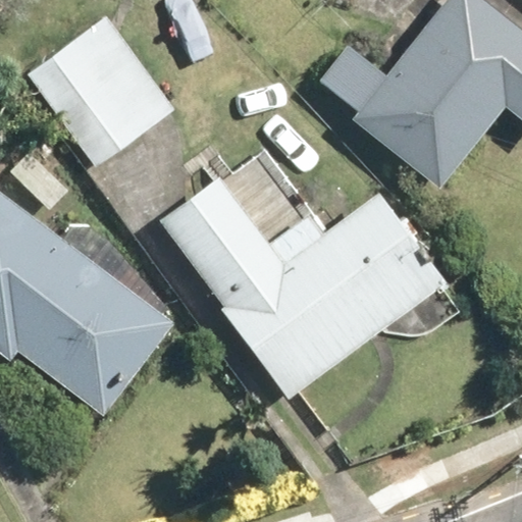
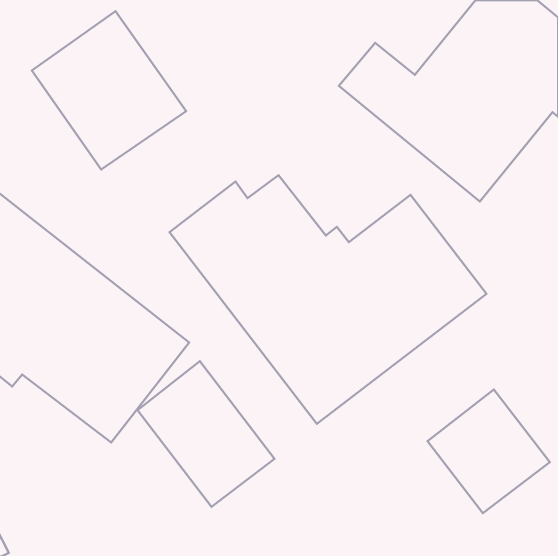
building: none -> [137,361,275,507]
building: none -> [427,389,550,513]

